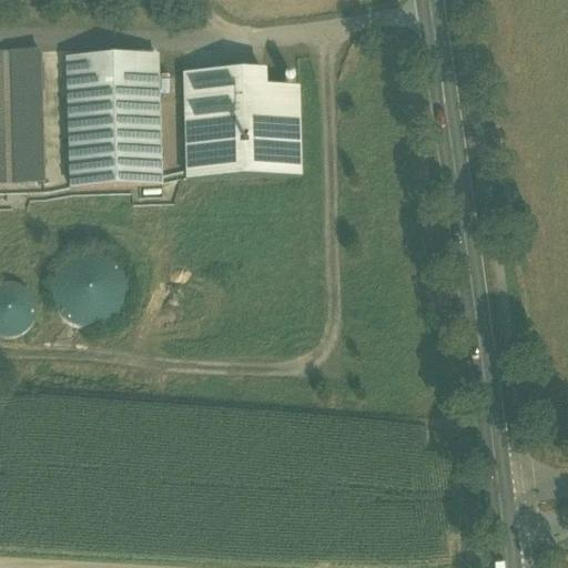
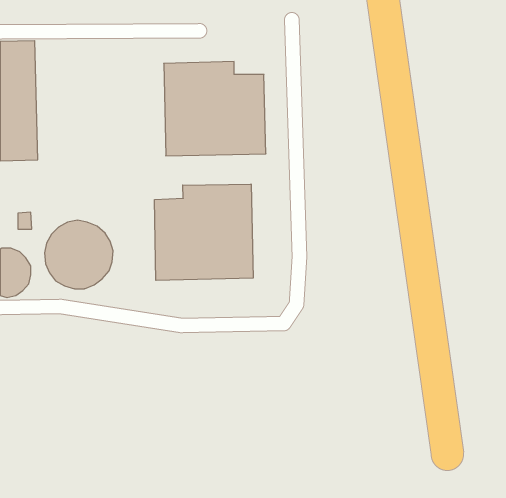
building: [67,52,160,182] -> none
building: none -> [155,184,253,280]

